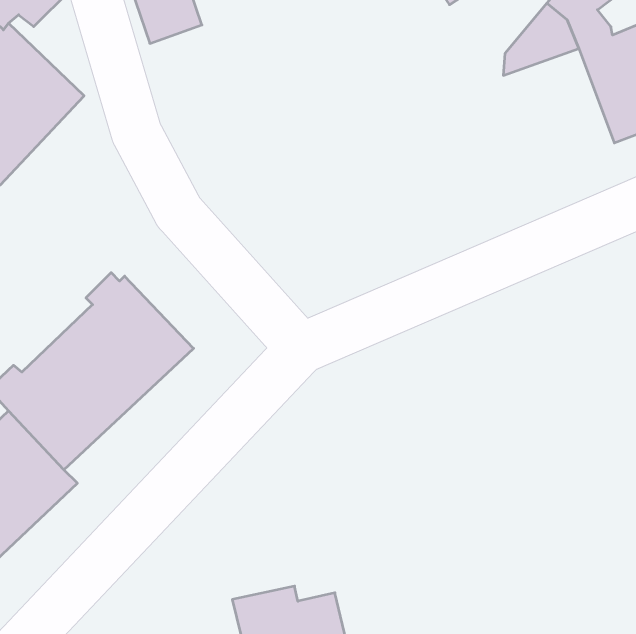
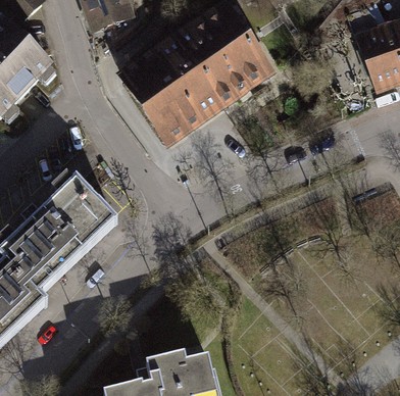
building: none -> [121,8,268,141]

